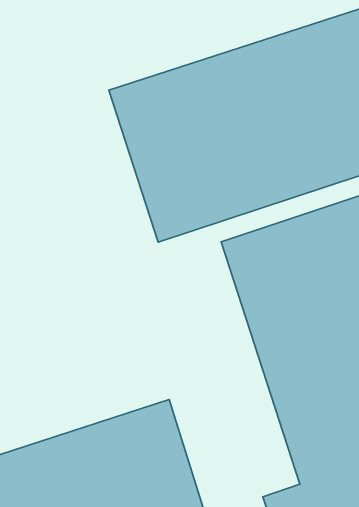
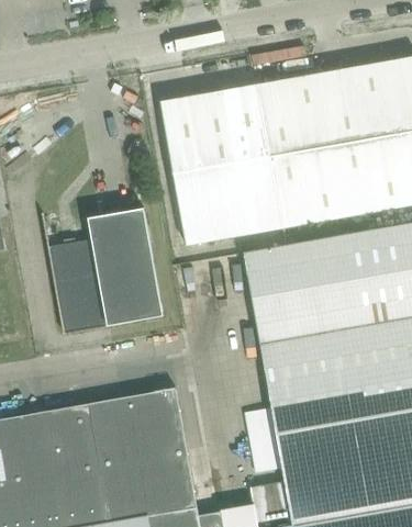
building: none -> [47,209,163,335]

